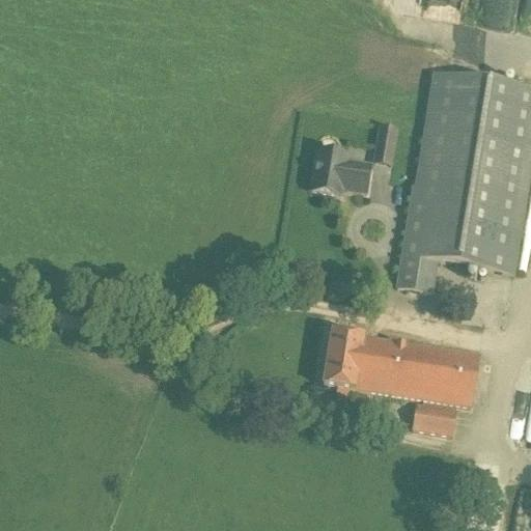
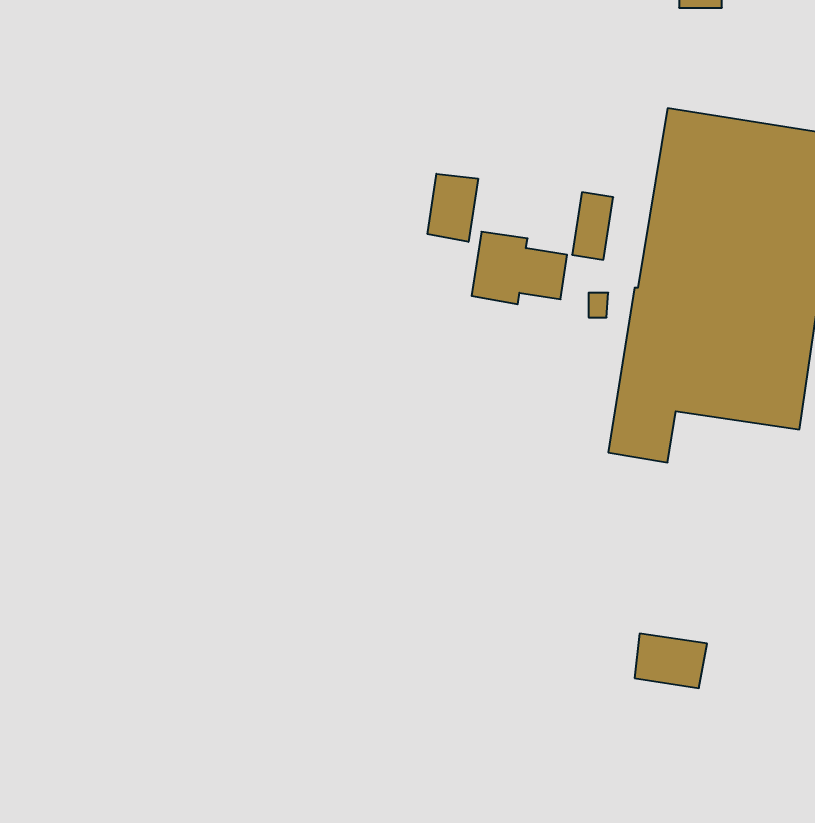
building: none -> [428,174,478,242]
building: [323,328,481,406] -> none

